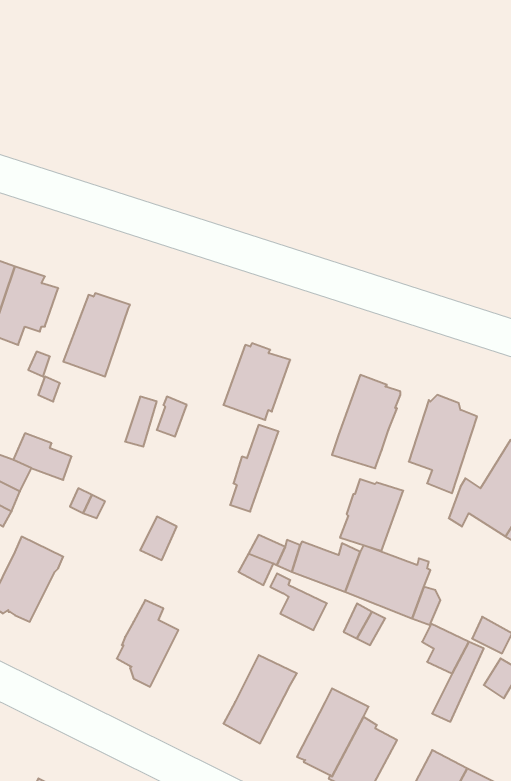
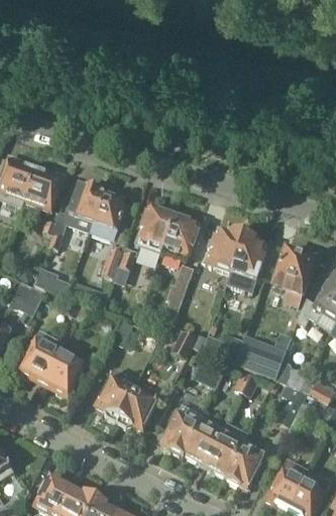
building: none -> [89,192,125,241]
building: none -> [134,207,174,251]
building: [340,479,403,551] -> [205,226,243,269]
building: none -> [43,350,82,394]
building: none -> [116,385,159,427]
building: none -> [184,420,222,464]

